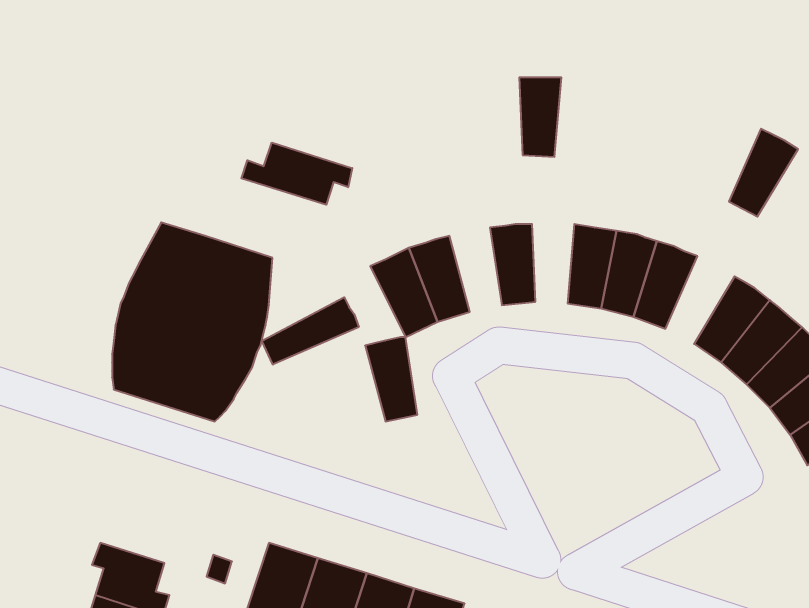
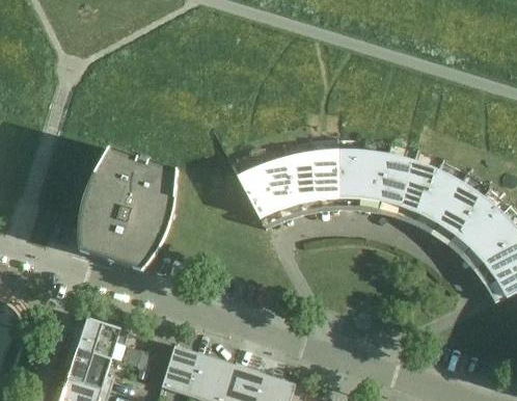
building: [519,77,561,157] -> [336,150,362,198]
building: [729,129,798,217] -> [418,169,461,223]
building: [241,143,352,205] -> none
building: [262,297,359,365] -> none
building: [365,337,417,421] -> [285,152,318,204]
building: none -> [71,318,129,358]

